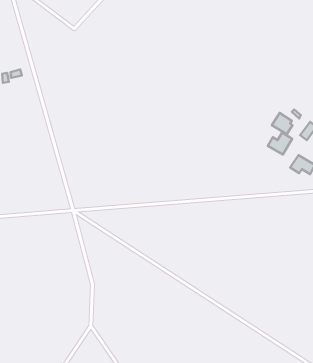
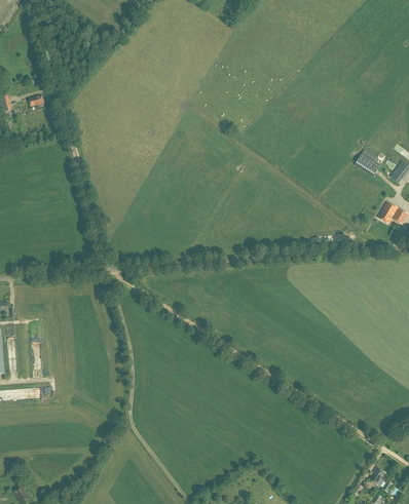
building: [268,132,292,154] -> none

